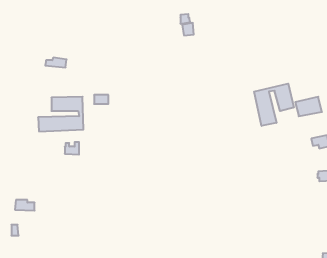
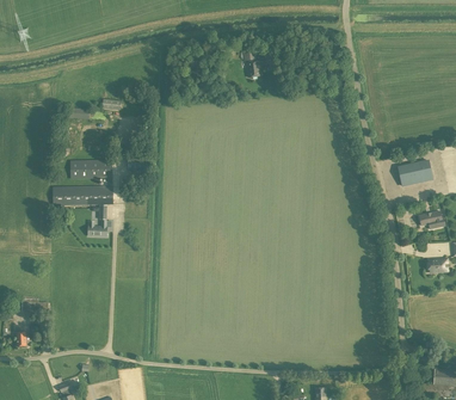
building: [254,84,294,126] -> none

